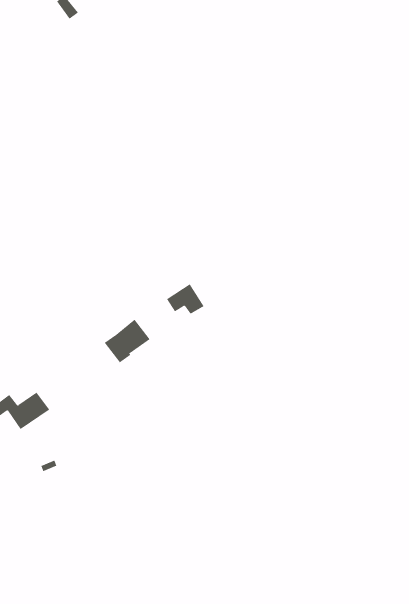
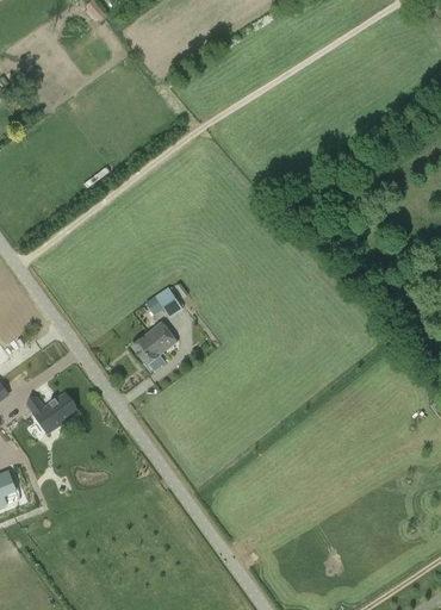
building: [166,284,204,315] -> [145,287,184,318]

